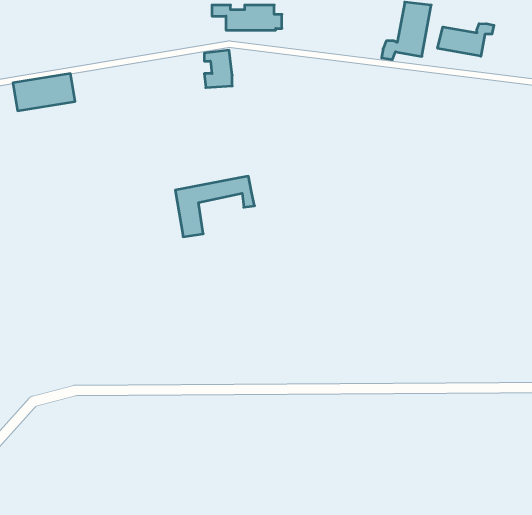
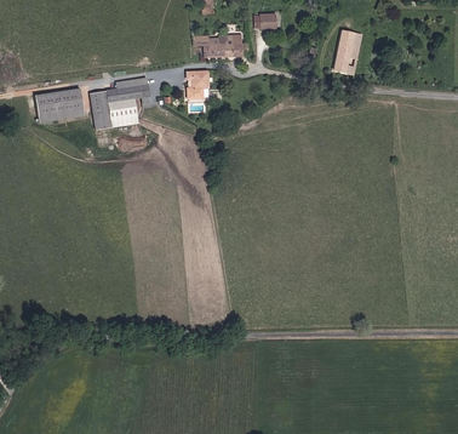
building: [438,24,494,56] -> none
building: [175,176,255,237] -> [88,82,150,130]

